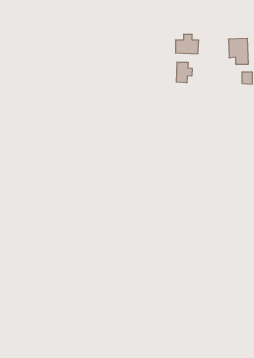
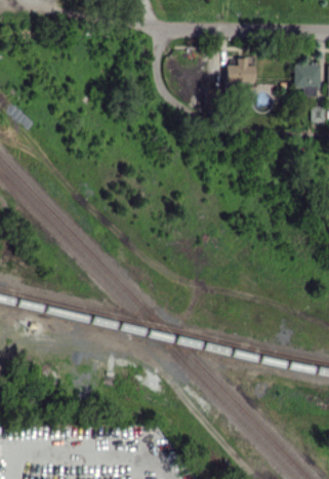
building: [176,62,192,83] -> none

